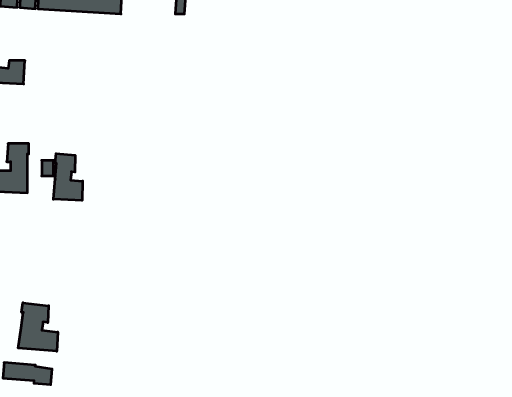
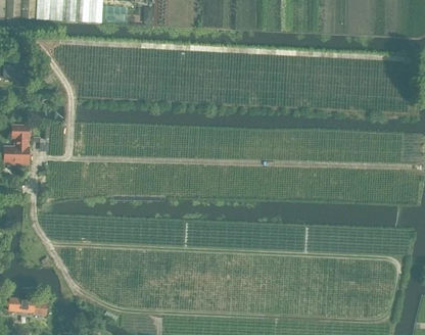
building: [53,154,83,200] -> none
building: [18,303,58,351] -> none

